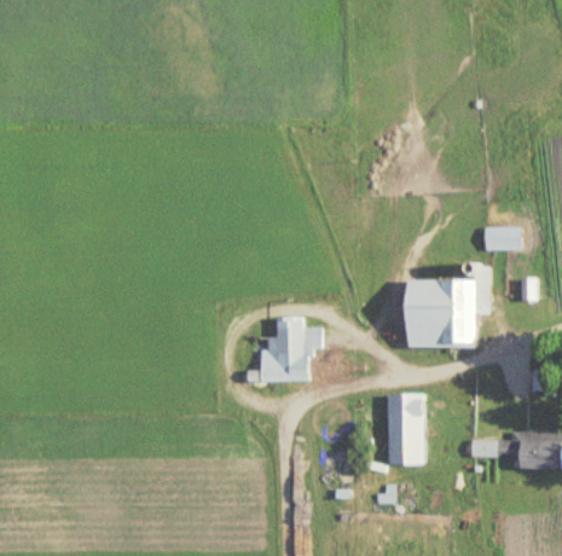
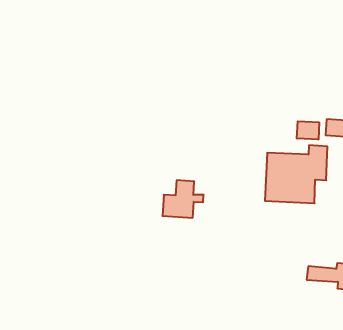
building: none -> [297,121,319,140]
building: [387,393,423,464] -> none

